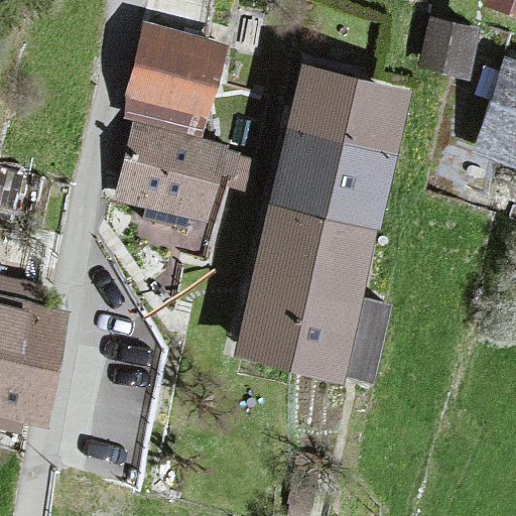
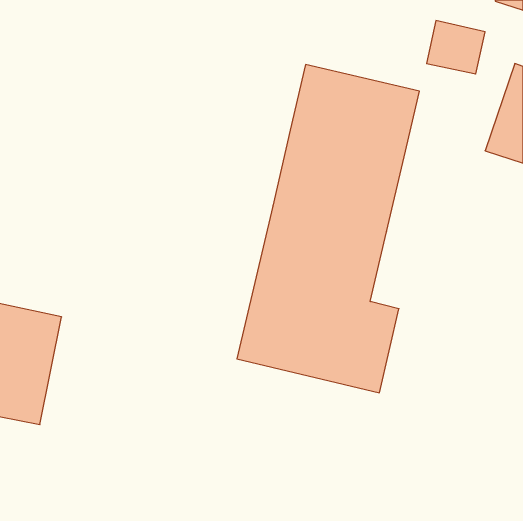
building: [124,23,230,122] -> none
building: [117,128,229,222] -> none

